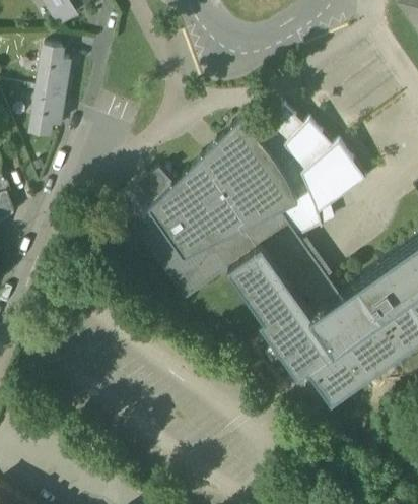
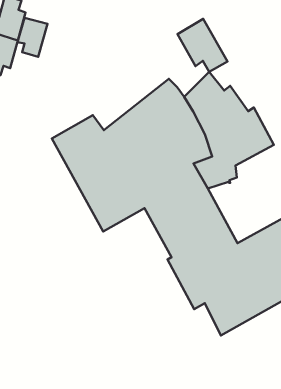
building: none -> [177,19,228,72]
building: none -> [17,18,47,57]

